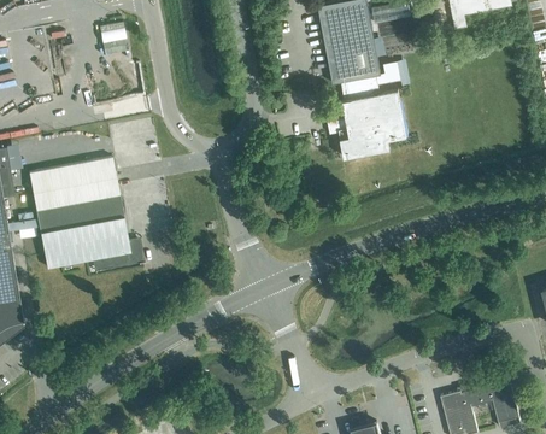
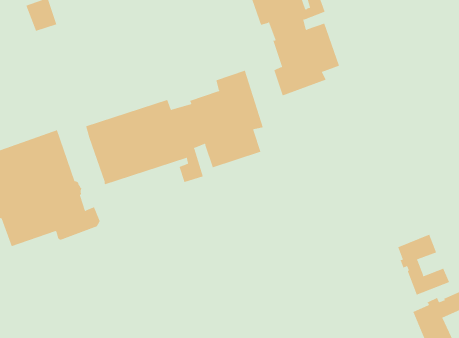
building: none -> [85,70,263,185]
building: none -> [397,234,450,295]

